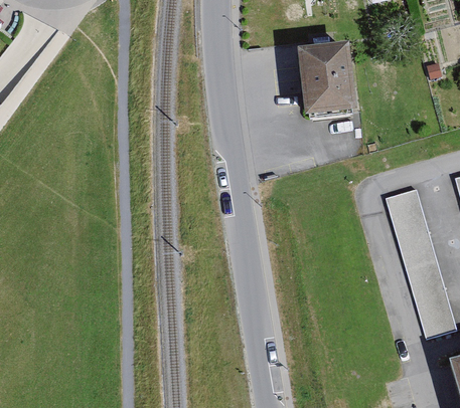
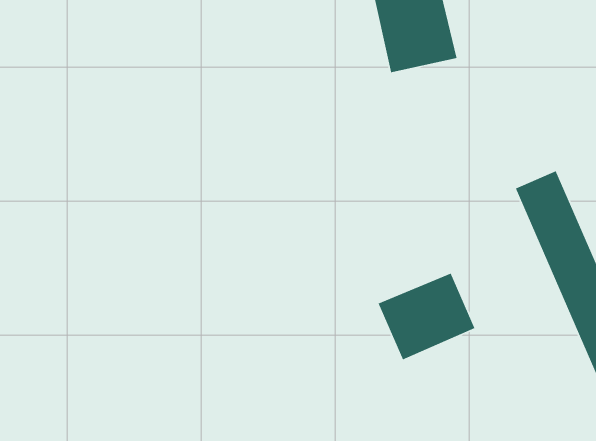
building: none -> [377,273,476,360]

